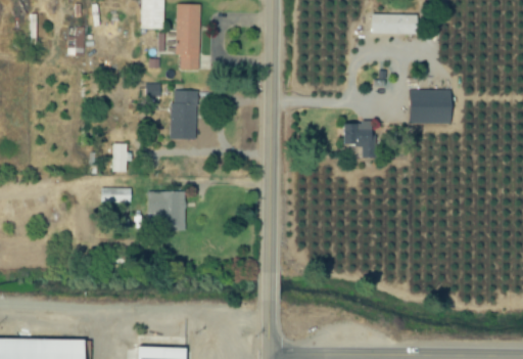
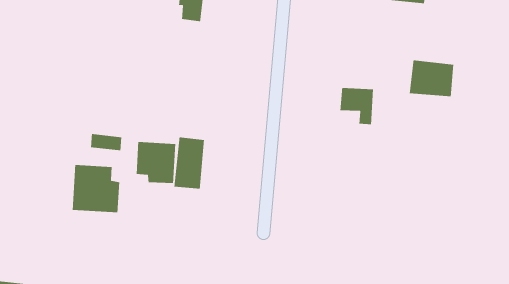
building: [171,89,197,139] -> [174,136,205,189]
building: [113,143,130,172] -> none
building: none -> [72,164,120,213]

